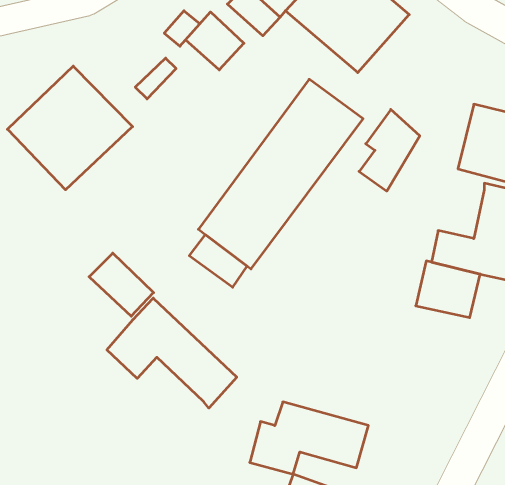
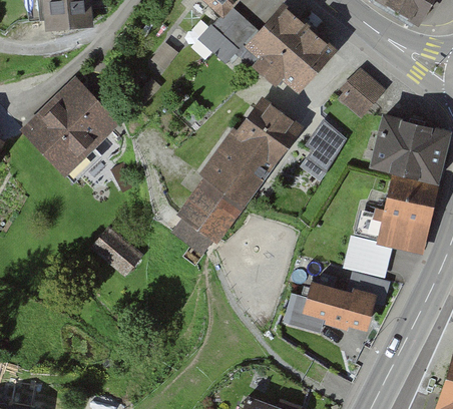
building: [186,12,244,70] -> none
building: none -> [338,67,388,120]
building: [107,298,237,408] -> none
building: [250,402,368,474] -> [286,279,376,334]

